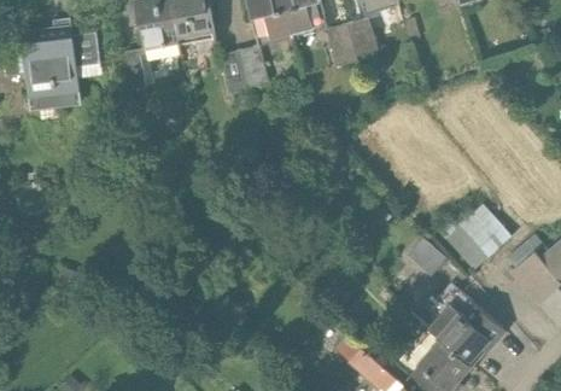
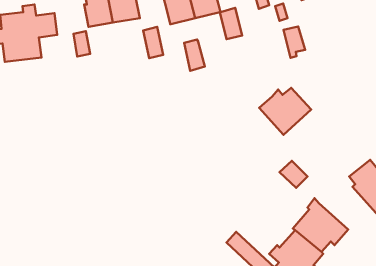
building: [347,18,378,62] -> [284,27,305,58]
building: [239,45,268,88] -> [184,40,205,71]
building: [439,205,512,270] -> [259,88,311,135]

